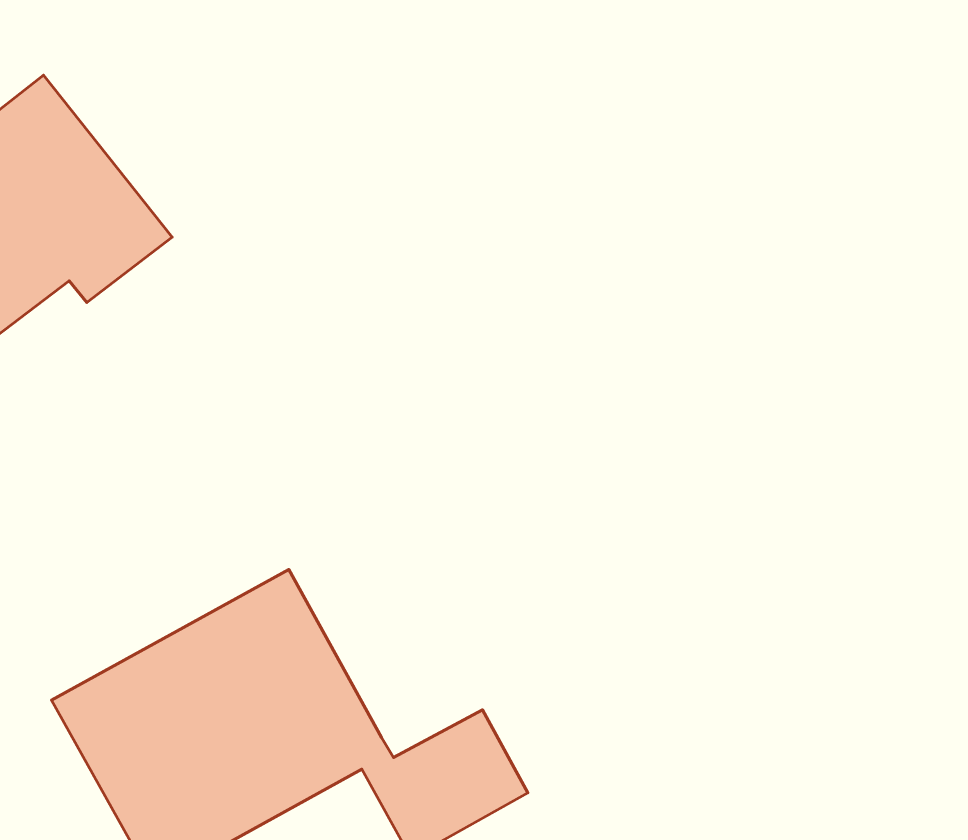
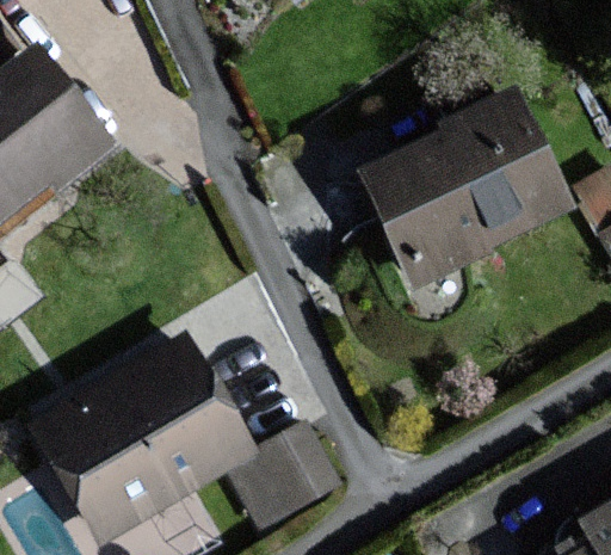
building: none -> [371,93,569,277]

